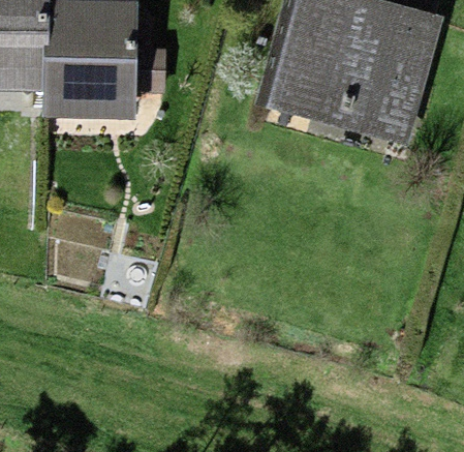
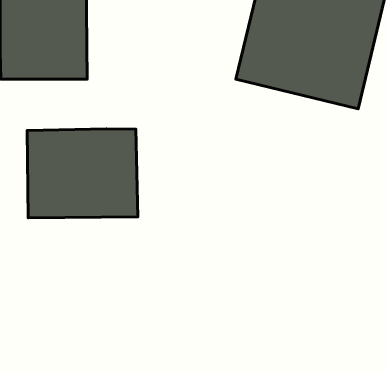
building: none -> [27,129,138,218]

